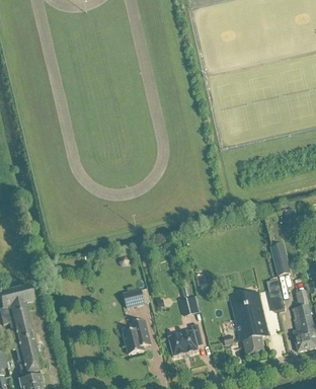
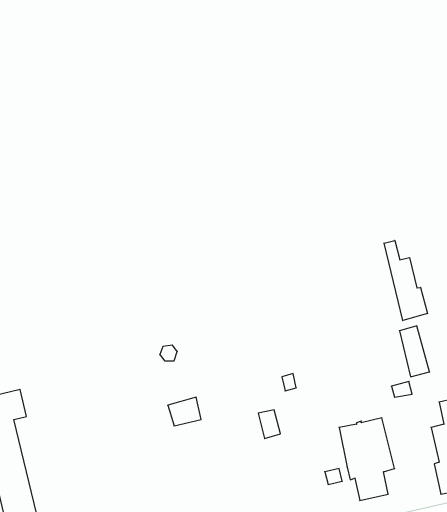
building: none -> [384,240,427,321]
building: [123,317,150,352] -> none
building: [168,322,203,354] -> none

